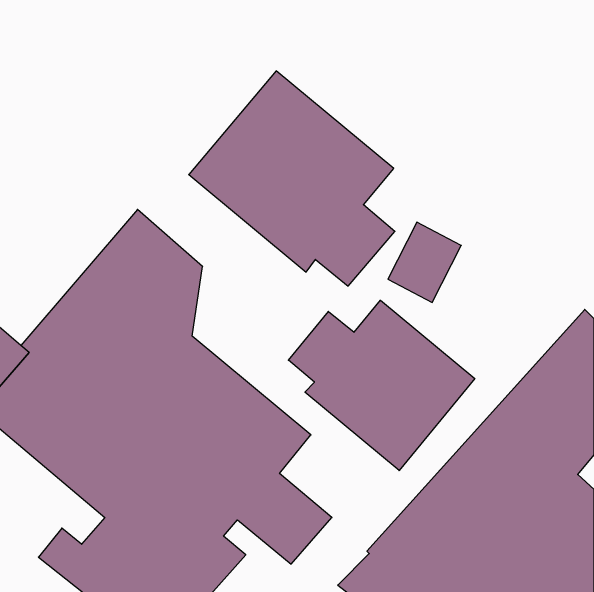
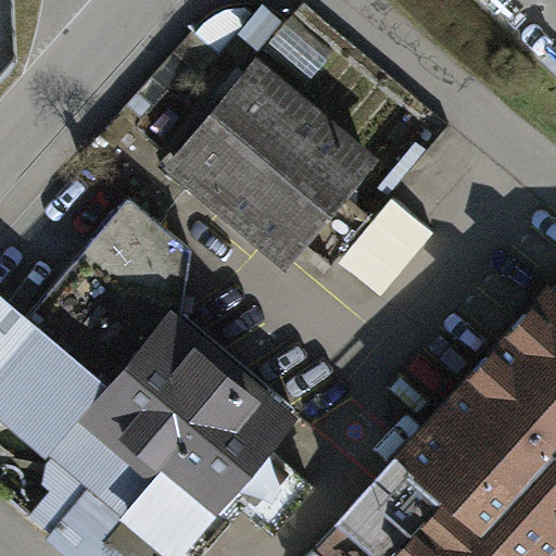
building: [288,300,475,471] -> none

